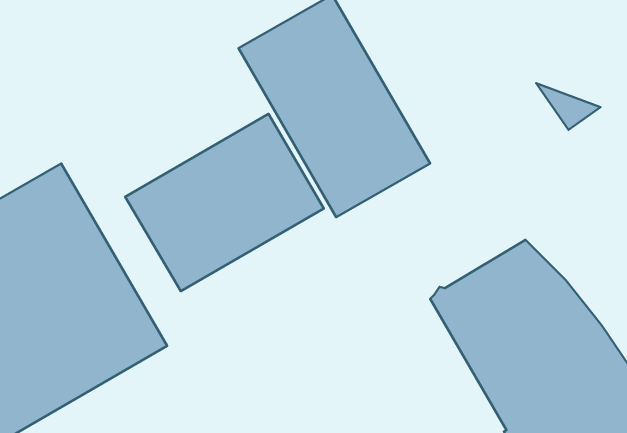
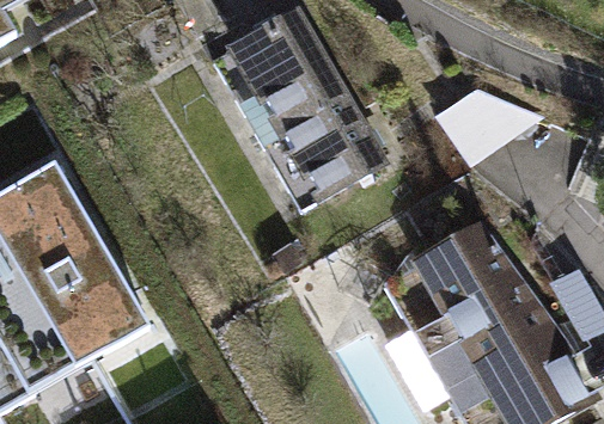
building: [125,114,324,291] -> none

